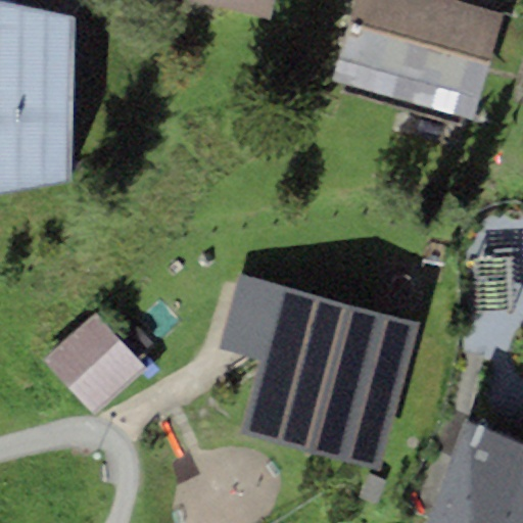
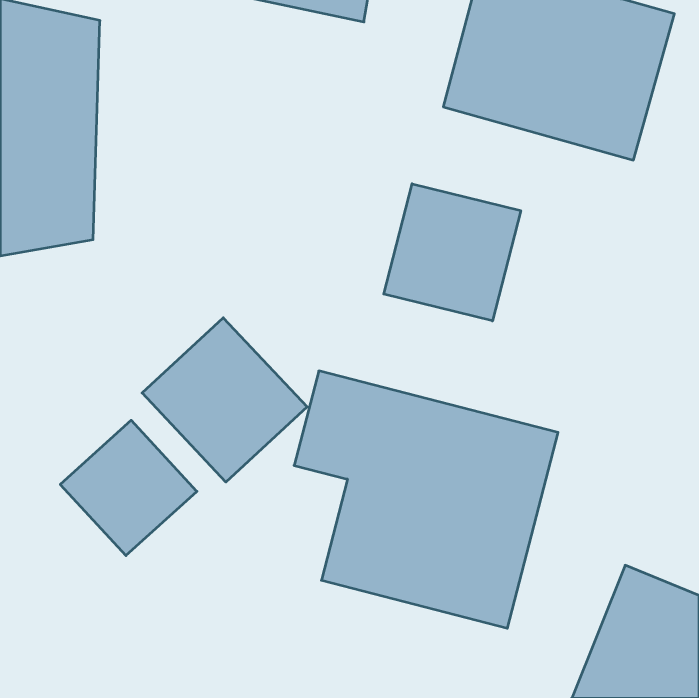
building: none -> [384,184,521,321]
building: none -> [142,318,307,482]

